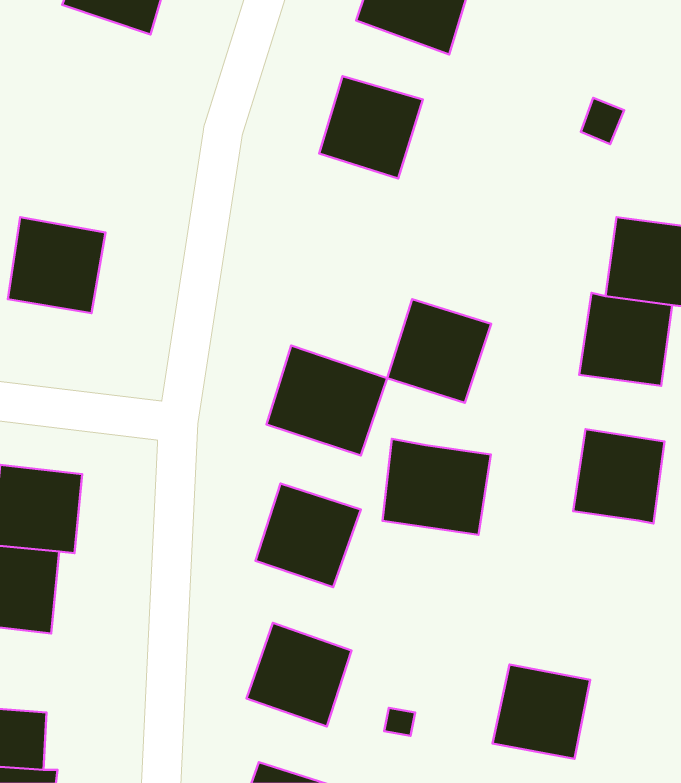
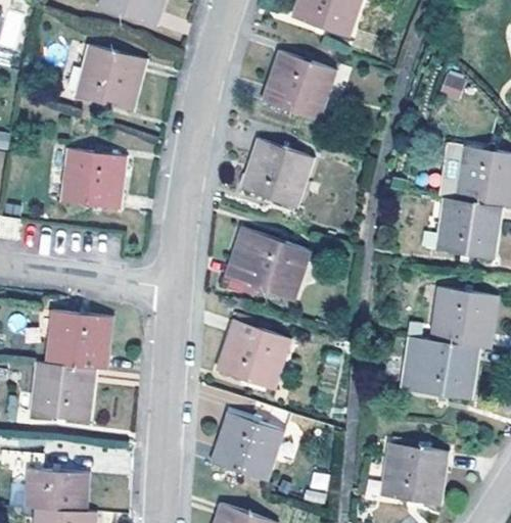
building: none -> [77,45,142,110]
building: [387,299,491,403] -> [245,139,314,207]
building: [382,439,491,535] -> [404,336,475,399]

